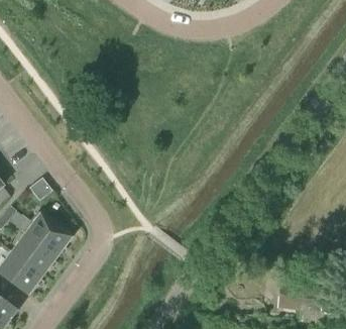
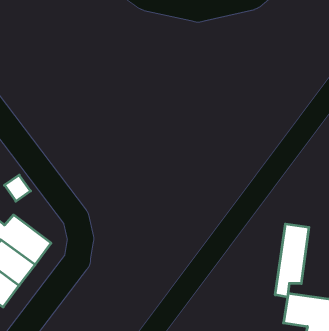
building: none -> [275,224,309,297]

